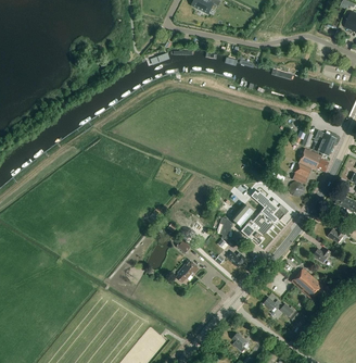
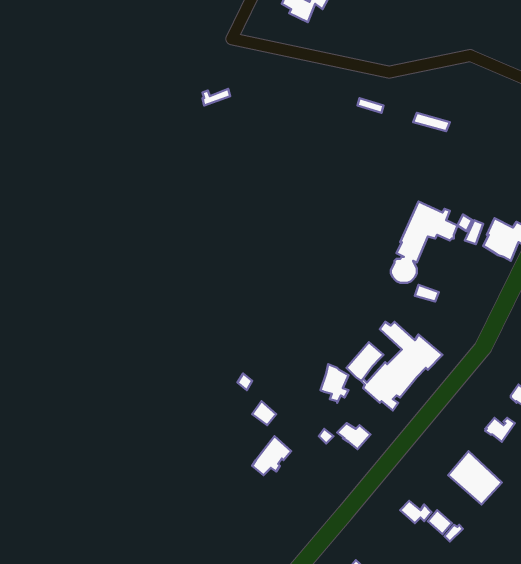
building: [290,148,329,196] -> [391,202,457,283]

